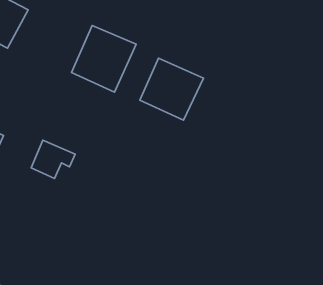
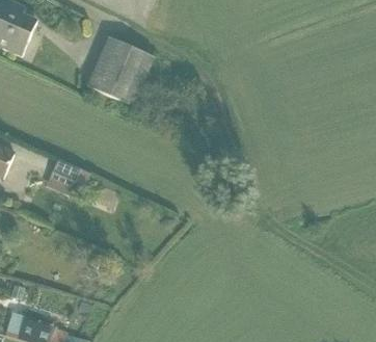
building: [140,58,203,120] -> none

